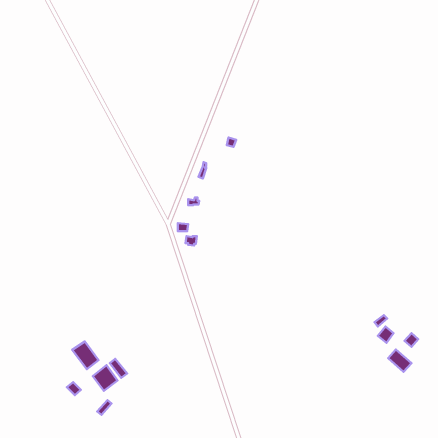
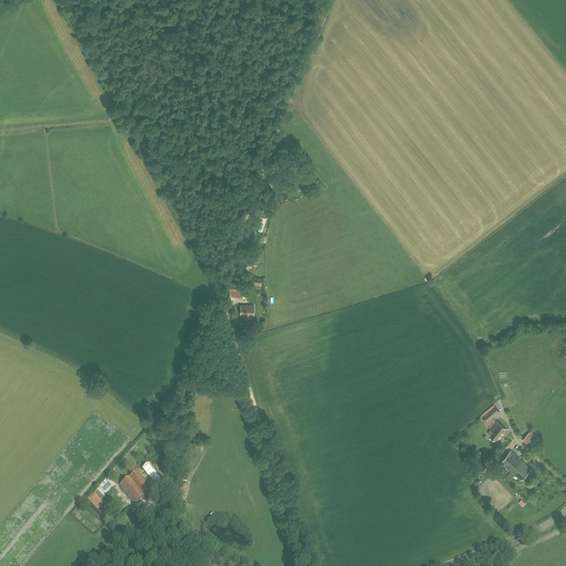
building: [72,342,99,369] -> none

